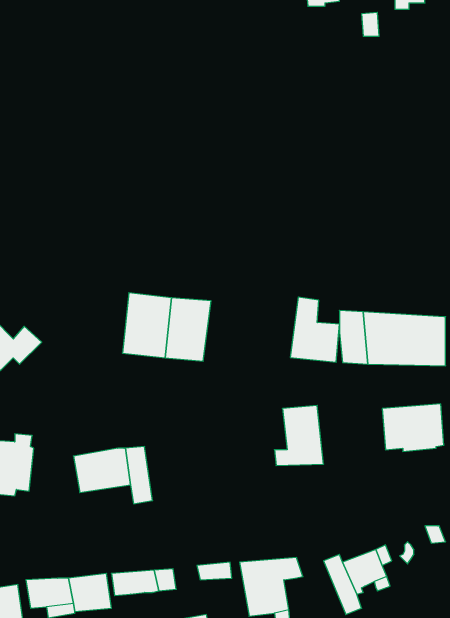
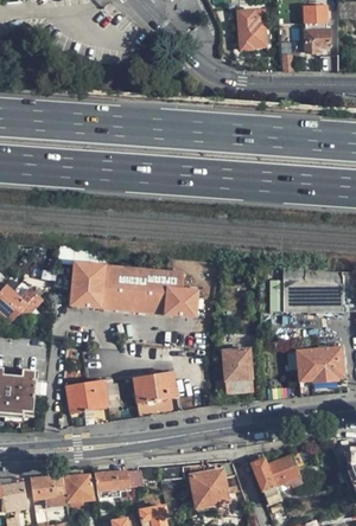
building: none -> [69,261,107,309]
building: [290,297,339,362] -> [163,270,199,319]
building: none -> [133,372,176,403]

